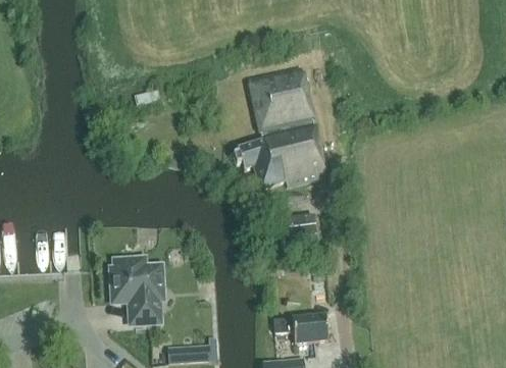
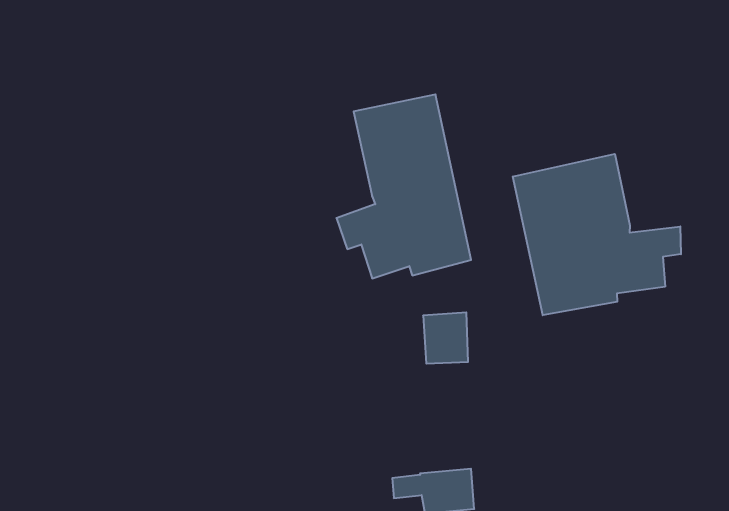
building: none -> [513,154,681,315]
building: [111,260,161,324] -> none

